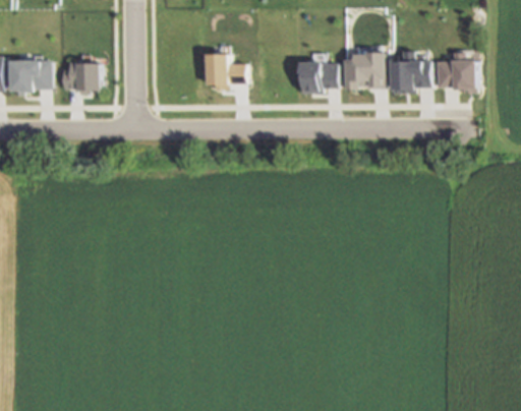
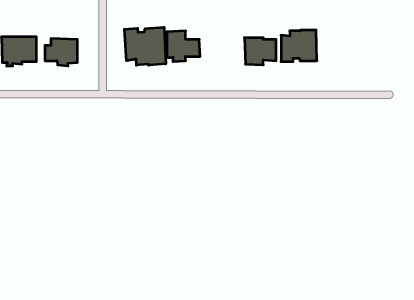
building: none -> [124,27,166,65]
building: [390,49,429,92] -> none
building: [433,51,475,93] -> none

